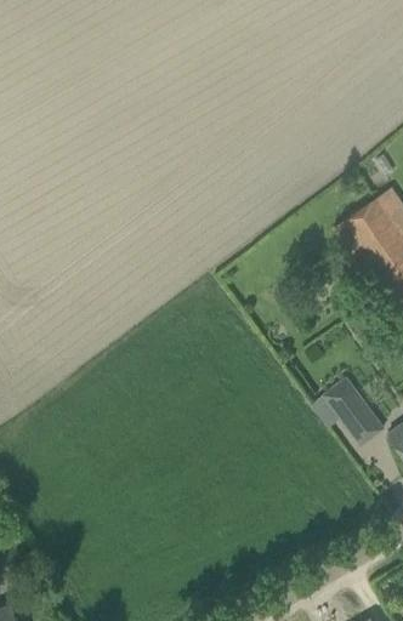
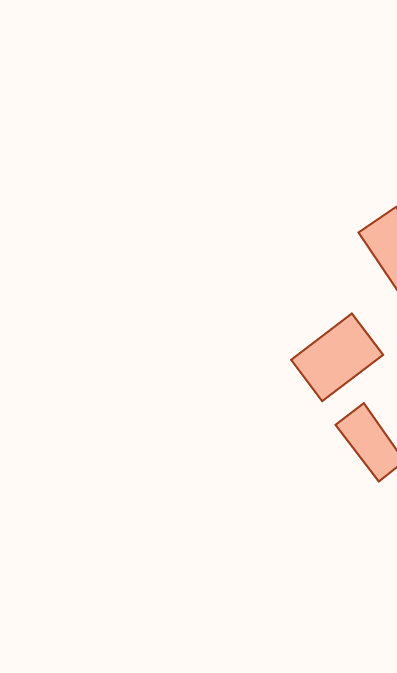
building: none -> [291,314,383,401]

